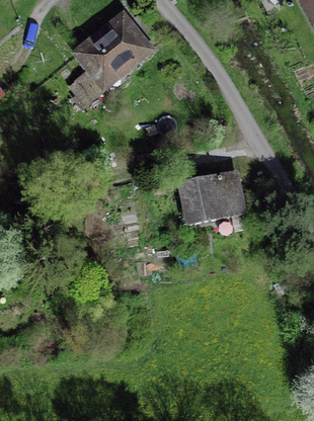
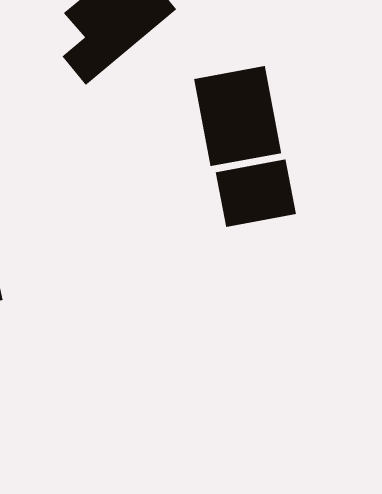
building: none -> [193,65,282,167]

